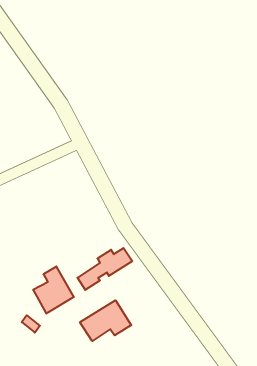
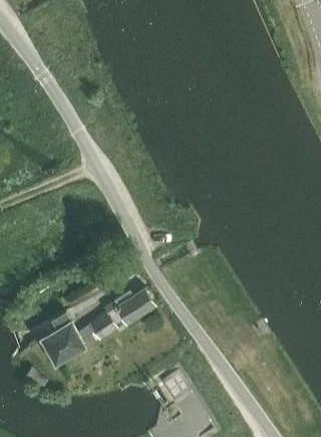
building: [80,300,131,341] -> none

